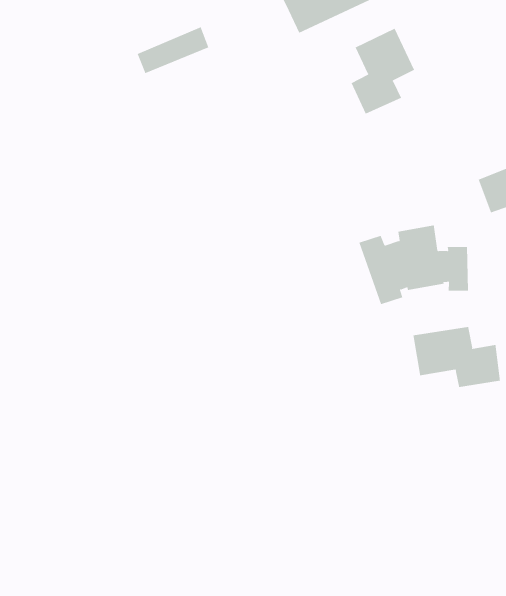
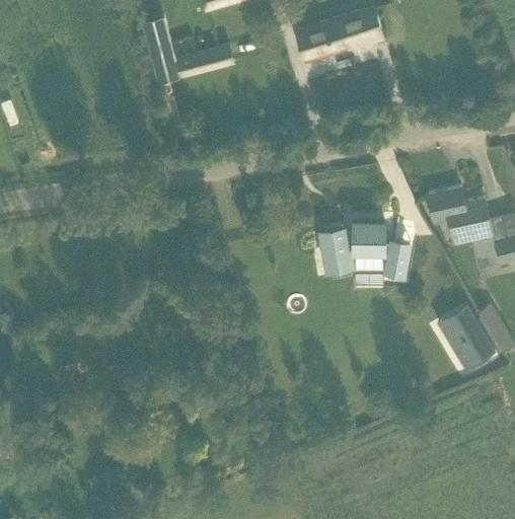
building: [351,28,415,115] -> none
building: [413,326,501,388] -> none

